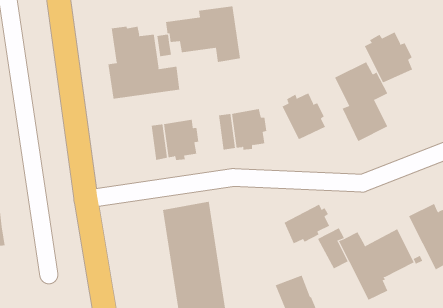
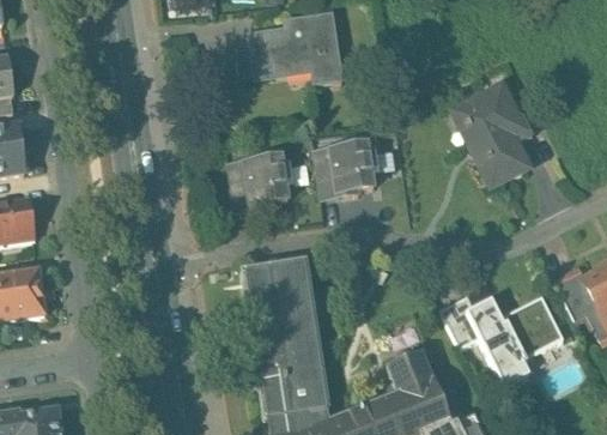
building: [108,26,180,99] -> none
building: [364,32,413,84] -> none
building: [282,92,326,140] -> none
building: [284,204,330,244] -> none

